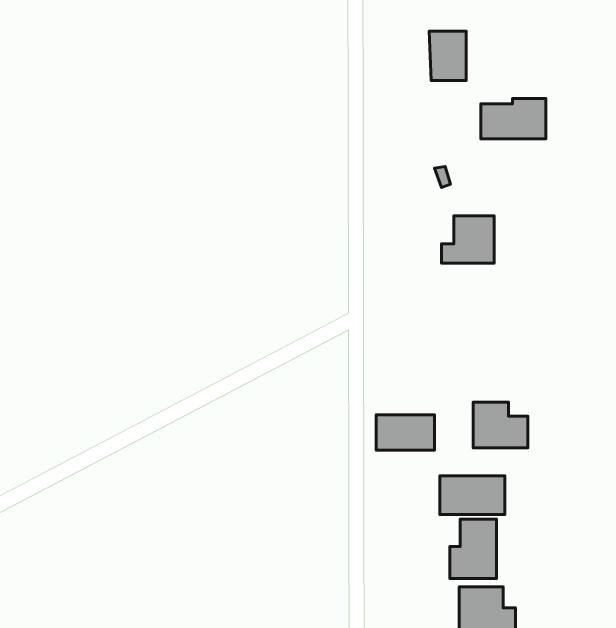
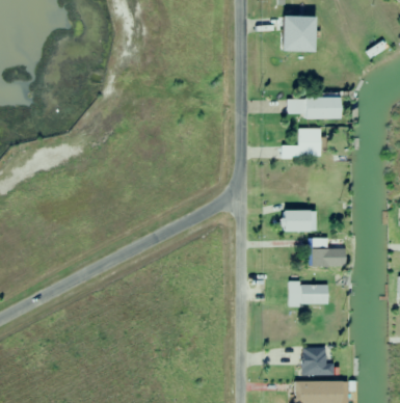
building: [481,99,546,139] -> [300,93,339,117]
building: [376,415,434,450] -> [282,210,316,231]
building: [450,519,496,579] -> none

